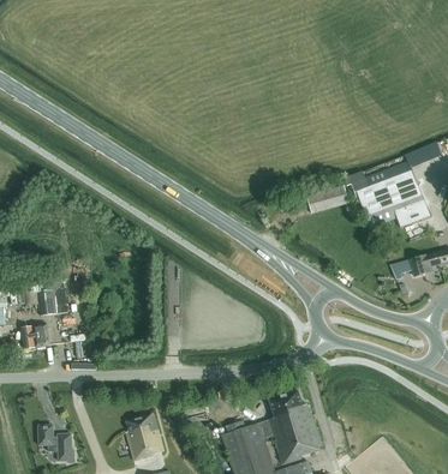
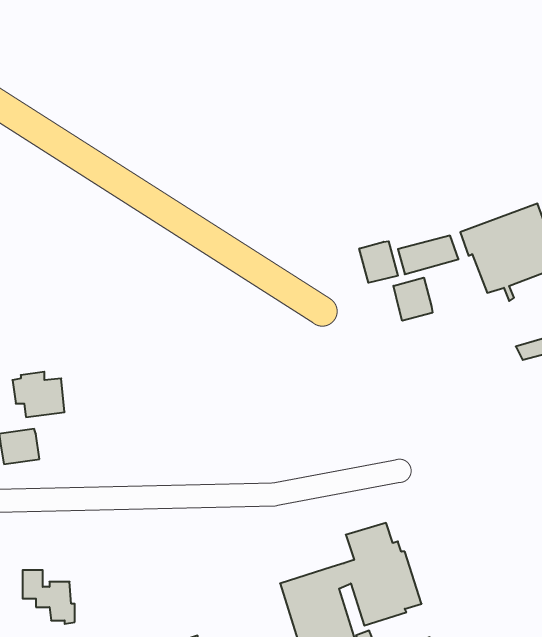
building: none -> [359,241,398,283]
building: none -> [393,278,432,321]
building: [126,413,163,461] -> none

